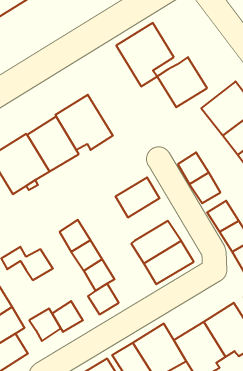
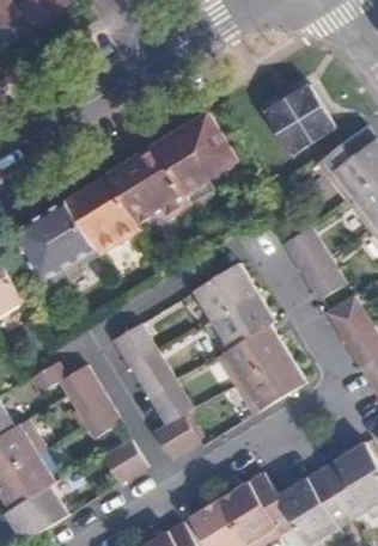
building: [116,23,174,86] -> [154,111,237,202]
building: none -> [203,292,274,352]
building: [29,309,61,341] -> [75,392,121,438]

